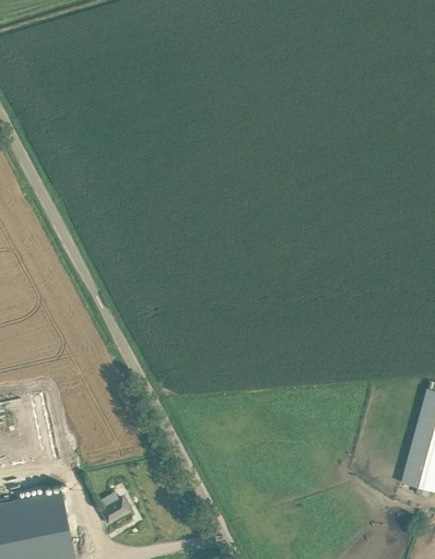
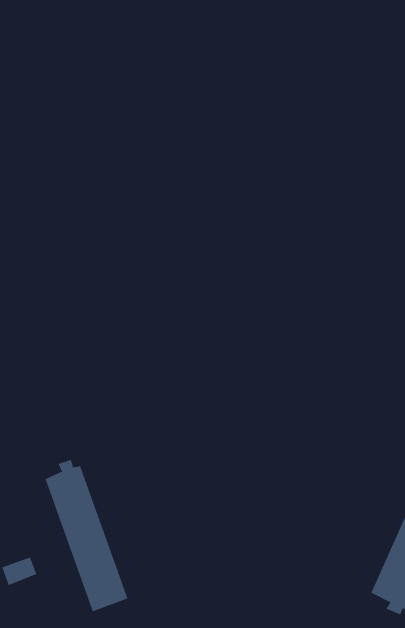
building: none -> [45,459,128,612]

